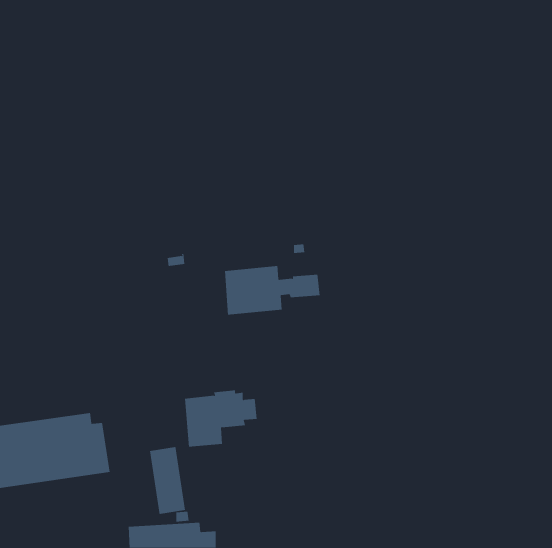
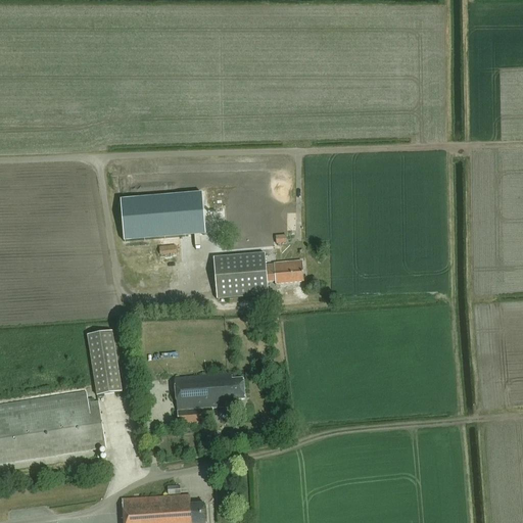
building: none -> [120,199,201,238]
building: [149,446,186,515] -> [87,328,122,392]

